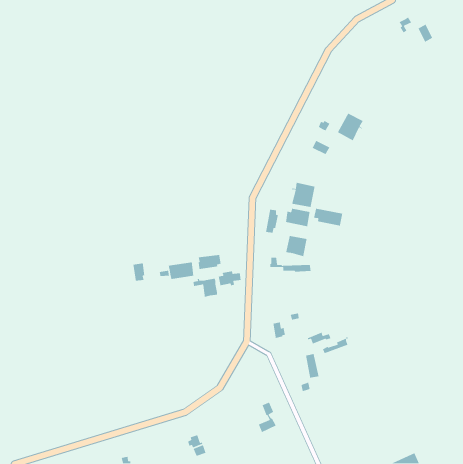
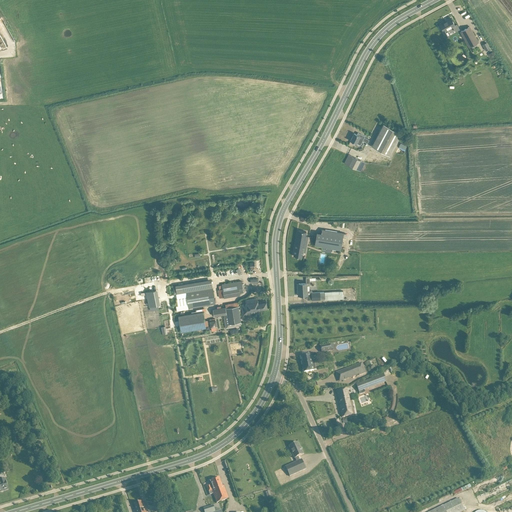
building: [291,182,315,208] -> none
building: [313,208,343,226] -> none
building: [285,235,307,257] -> none
building: none -> [177,311,205,331]

